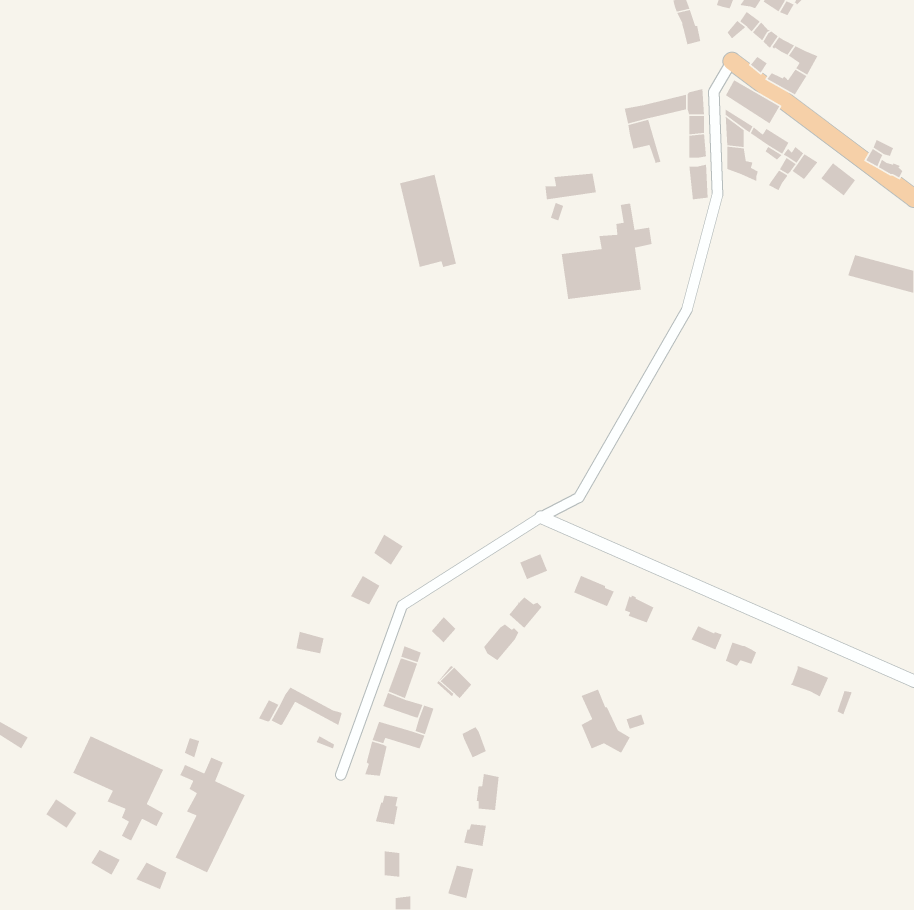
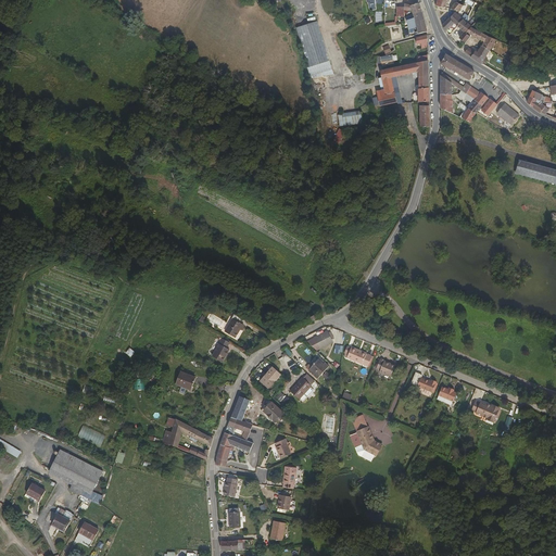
building: [399,174,457,268] -> [293,13,328,70]
building: [561,203,653,300] -> none
building: [175,757,246,873] -> none

